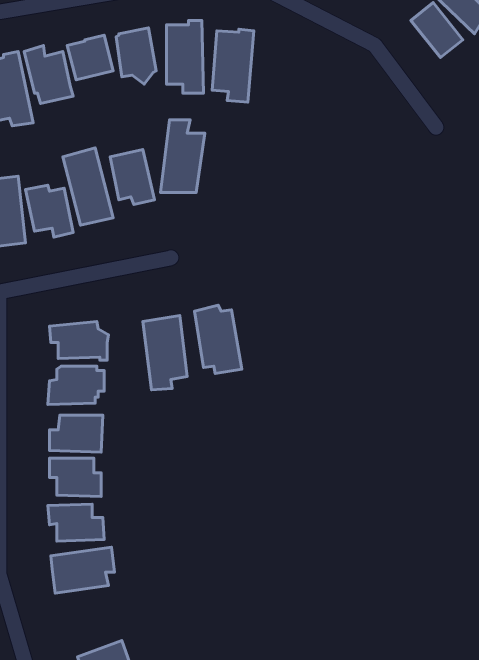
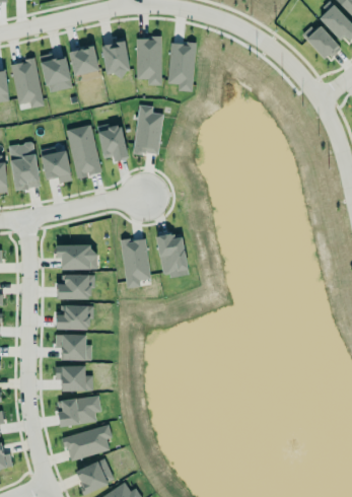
building: none -> [60,421,113,460]

